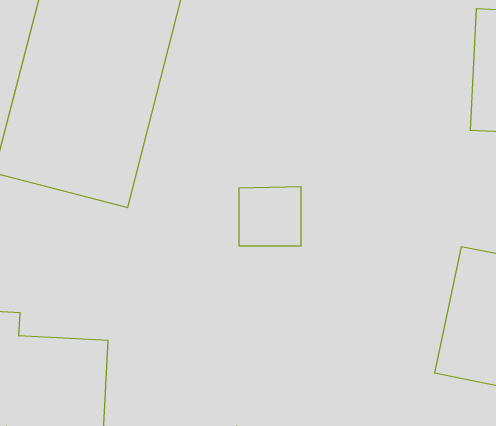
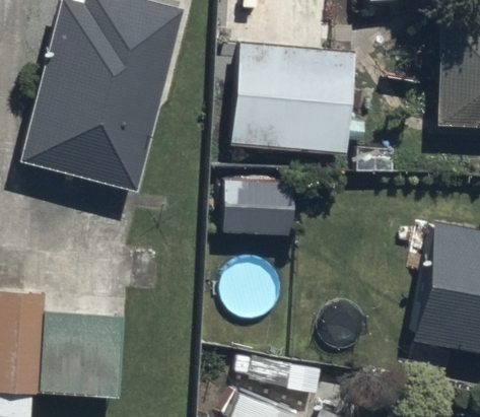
building: none -> [231,39,353,147]

